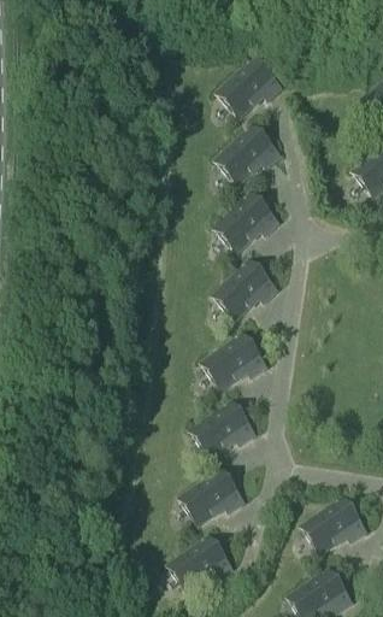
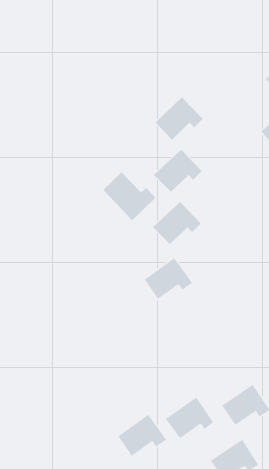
building: [220,59,283,116] -> none
building: none -> [102,172,156,221]
building: [194,401,258,457] -> none
building: [182,469,246,524] -> [165,396,214,439]

